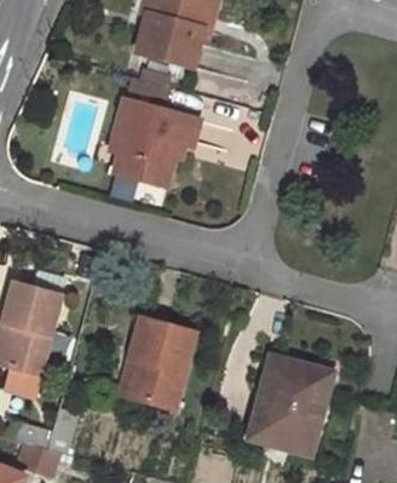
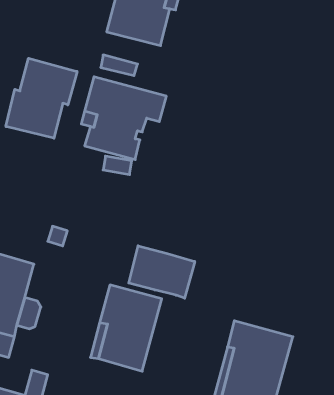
building: none -> [6,58,77,138]
building: none -> [129,246,195,298]

